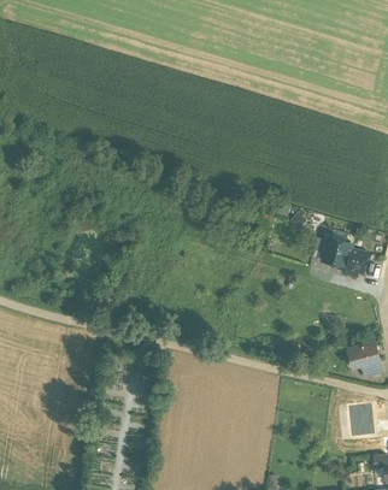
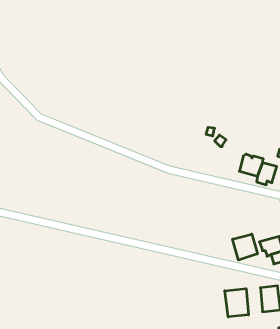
building: none -> [233,234,257,260]
building: none -> [225,289,248,317]

